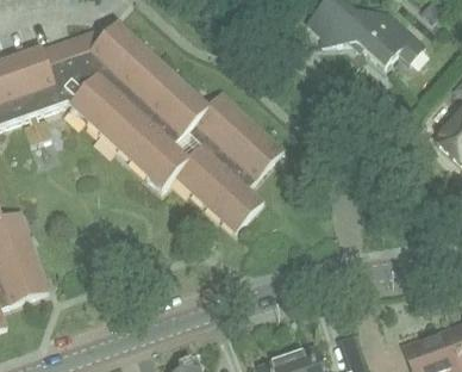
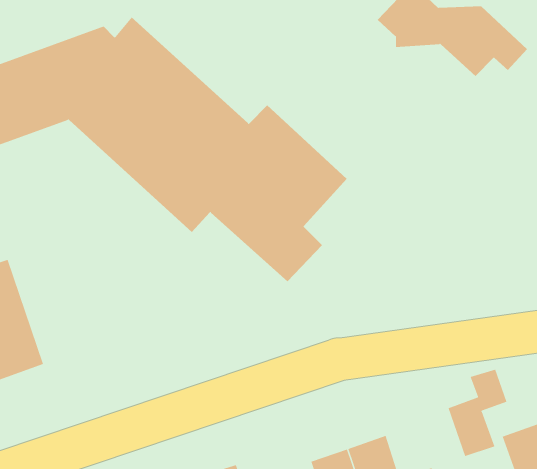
building: none -> [448,369,507,457]

